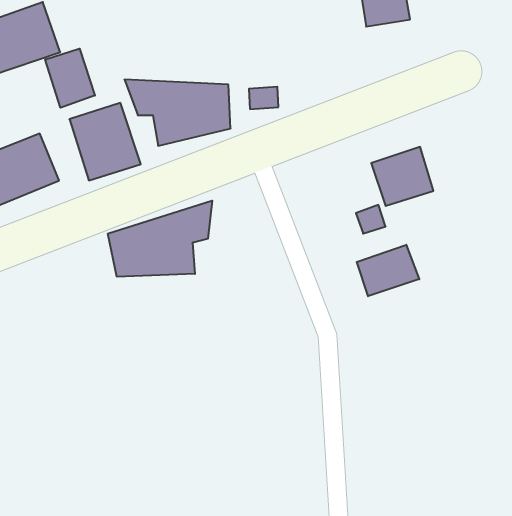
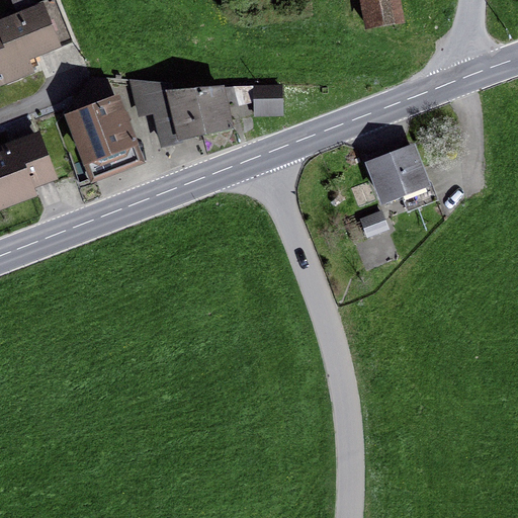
building: [45,49,95,108] -> none
building: [108,201,212,277] -> none
building: [357,245,419,296] -> none

